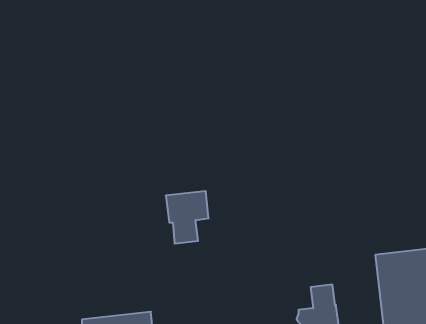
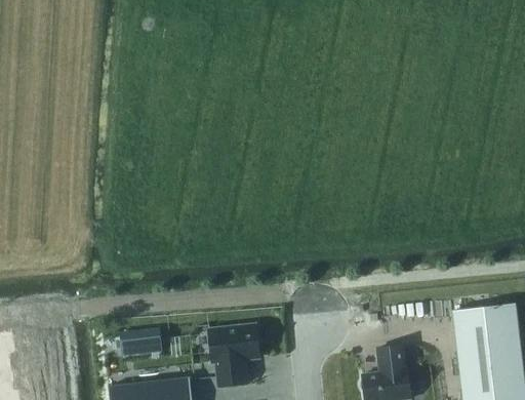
building: [166,191,209,244] -> [209,325,259,387]
building: none -> [120,330,162,356]

